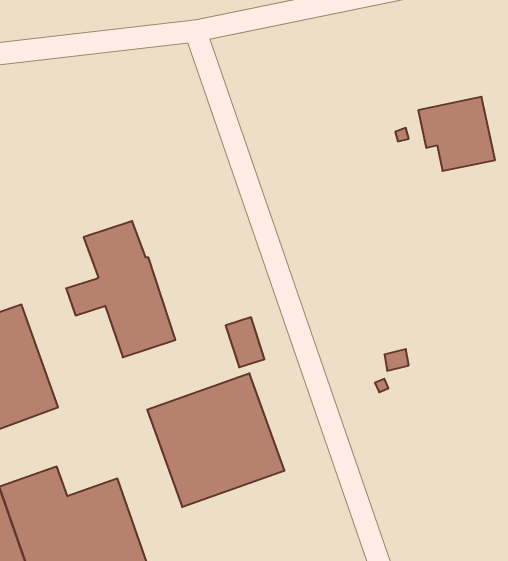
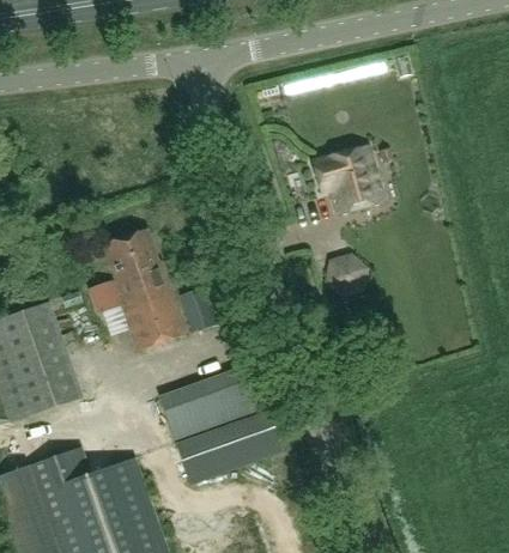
building: [418,97,495,171] -> [315,146,383,212]
building: none -> [325,253,366,297]
building: [226,317,265,367] -> [178,287,213,332]

